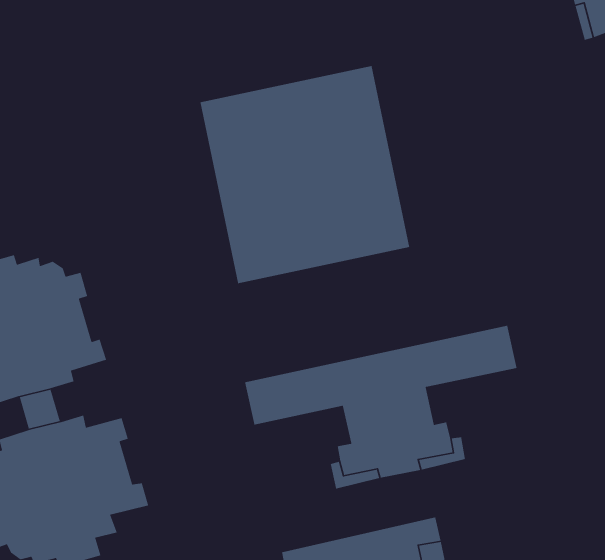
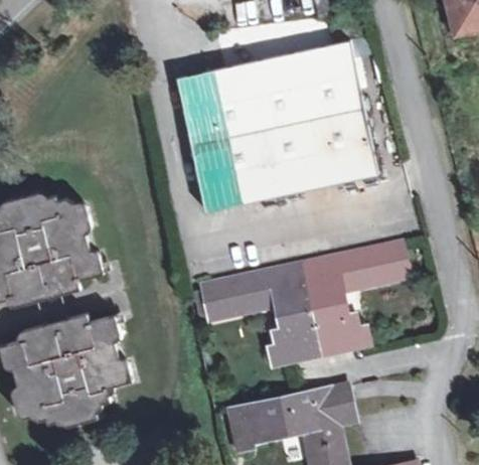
building: none -> [300,40,377,186]

